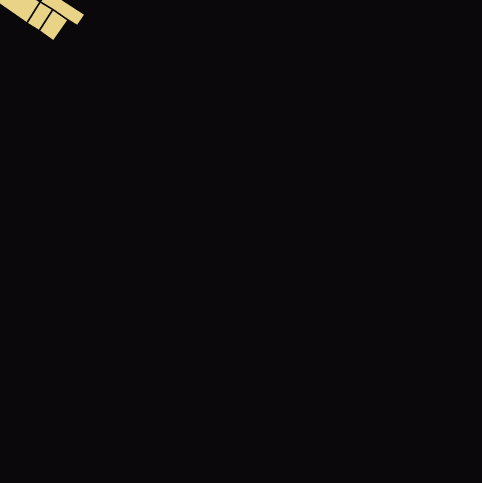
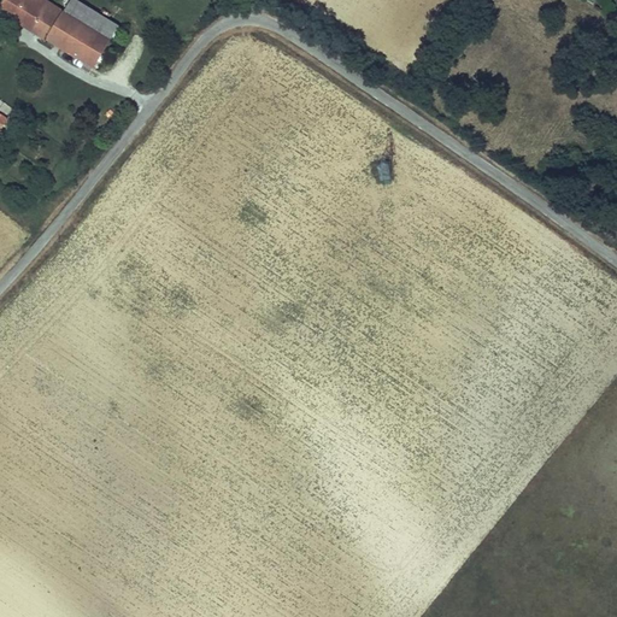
building: none -> [67,25,110,67]

